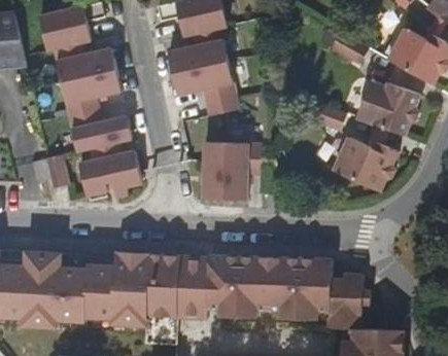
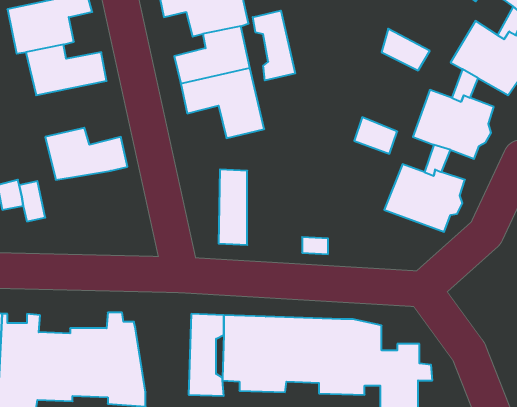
building: none -> [253,11,295,80]
building: [59,70,118,114] -> none
building: [77,141,140,197] -> none
building: [226,141,261,200] -> none
building: [136,253,181,318] -> none

